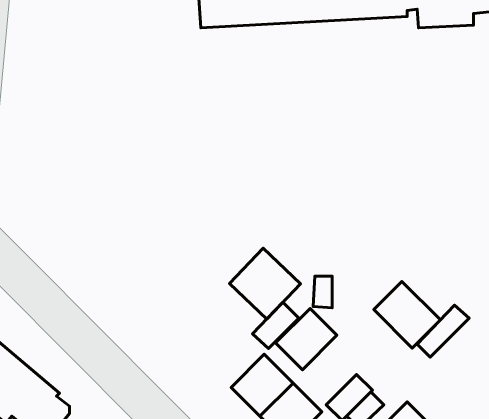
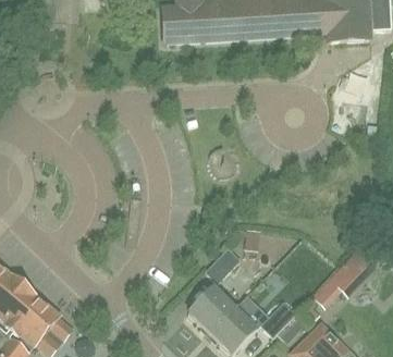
building: [229,248,300,319] -> none
building: [374,282,440,348] -> none
building: [276,308,337,370] -> none

